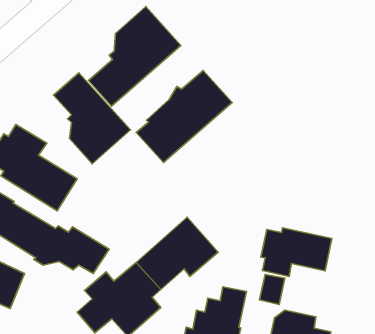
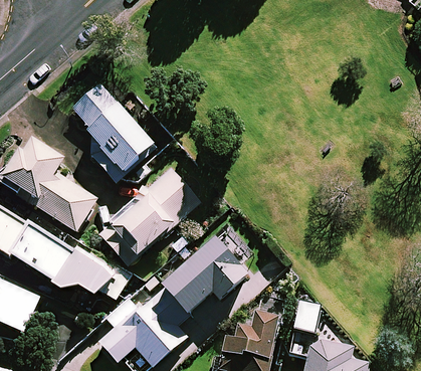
building: [88,7,181,106] -> none
building: [136,70,232,162] -> [98,166,201,264]
building: [261,228,332,276] -> none

